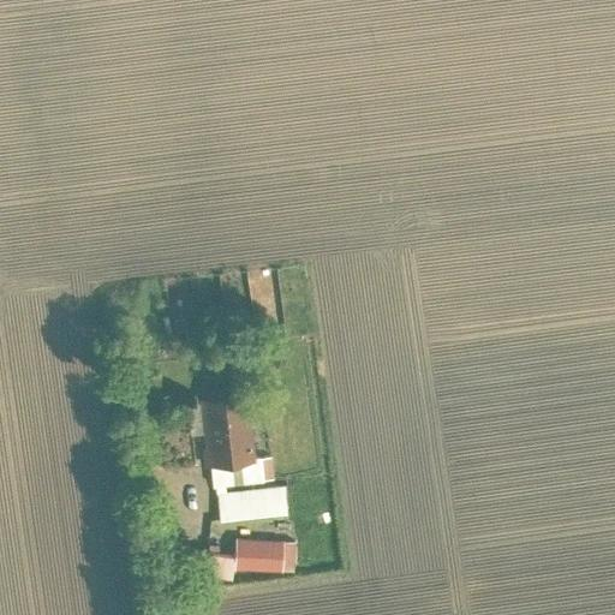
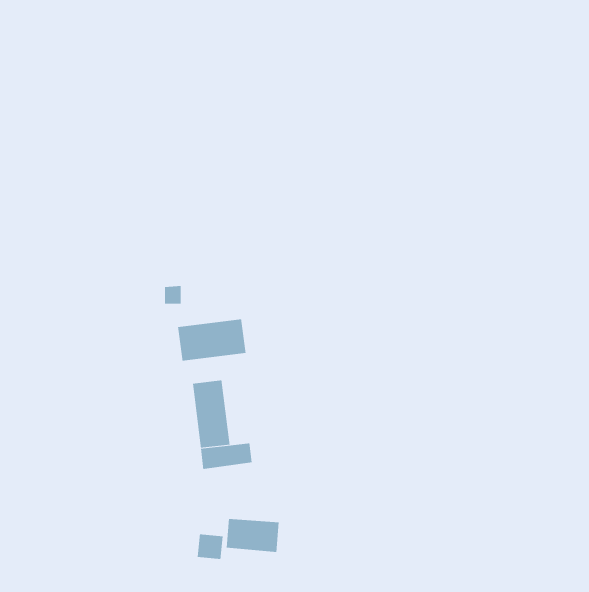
building: none -> [178,319,246,361]
building: [225,488,291,518] -> none

